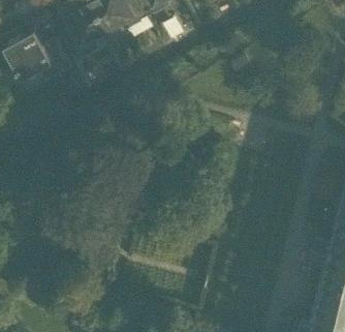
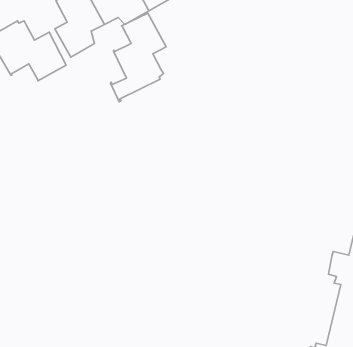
building: none -> [110,13,166,102]

